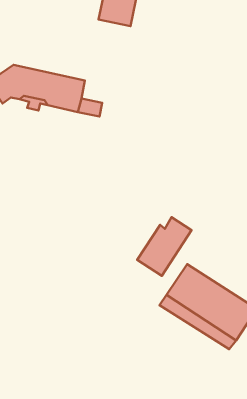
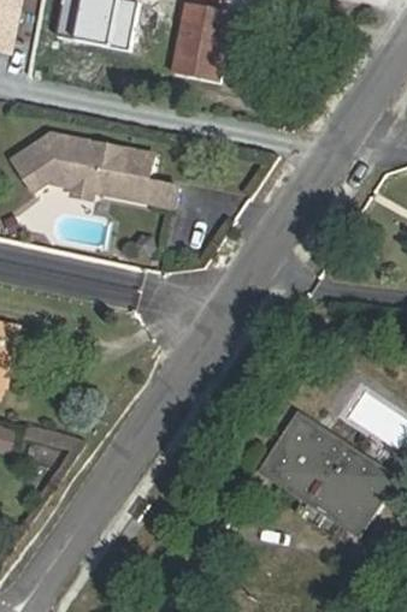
building: [137,217,191,276] -> none

